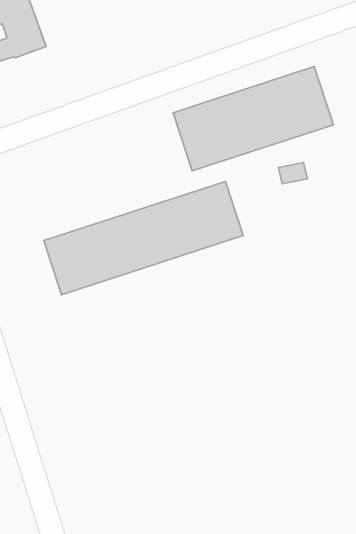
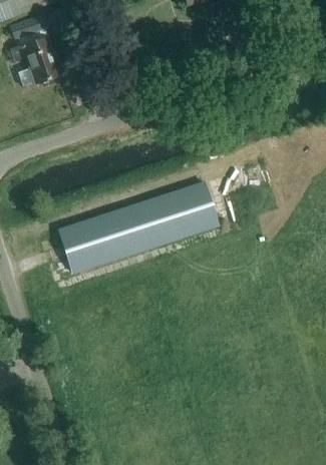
building: [173,67,333,171] -> none

